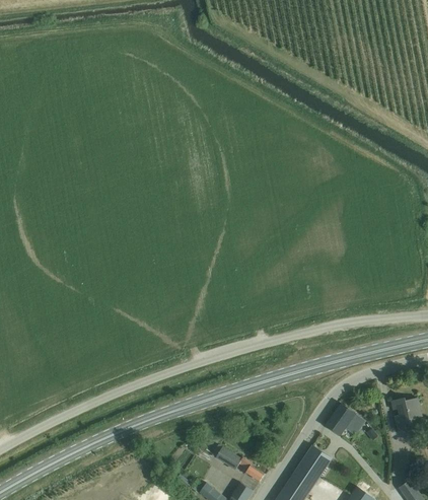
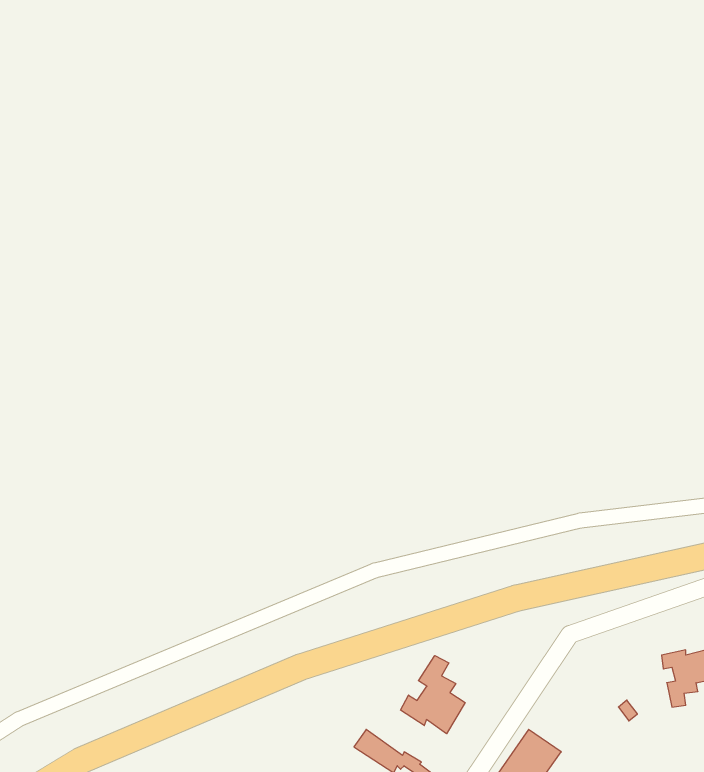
building: none -> [401,656,465,734]
building: [327,404,366,435] -> none

